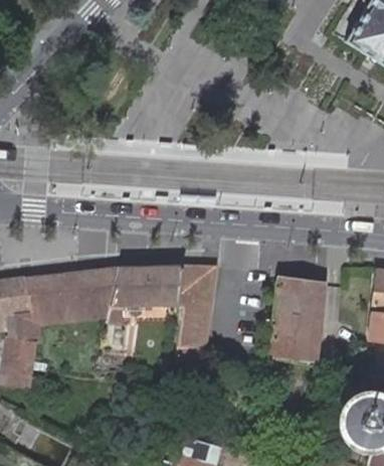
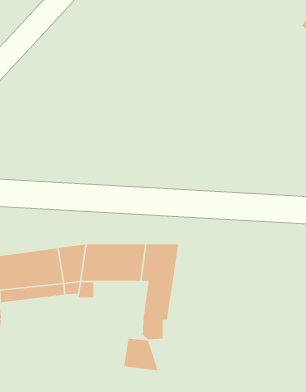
building: [269,280,326,361] -> none
building: none -> [123,338,159,371]

